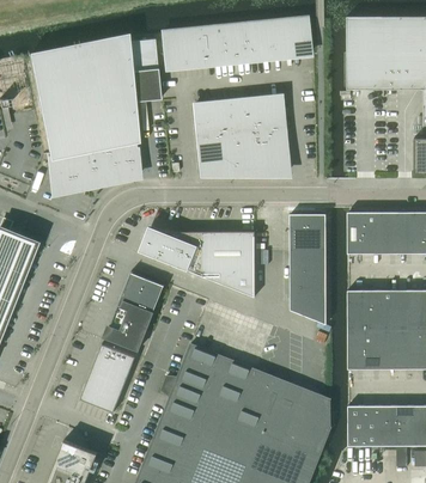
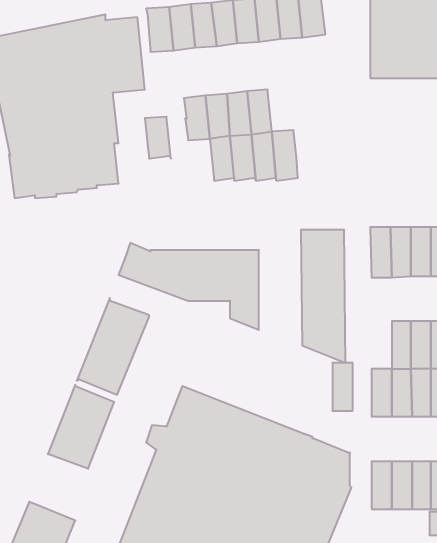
building: [262,97,284,134] -> none
building: [196,140,218,175] -> [145,117,171,159]
building: [348,291,365,330] -> [332,363,353,411]

